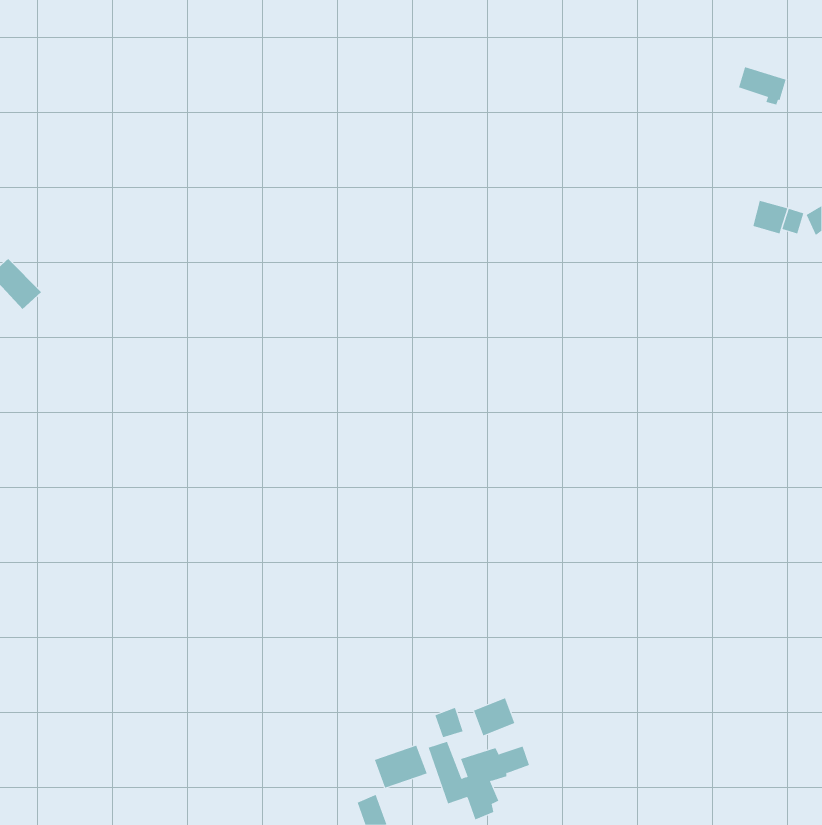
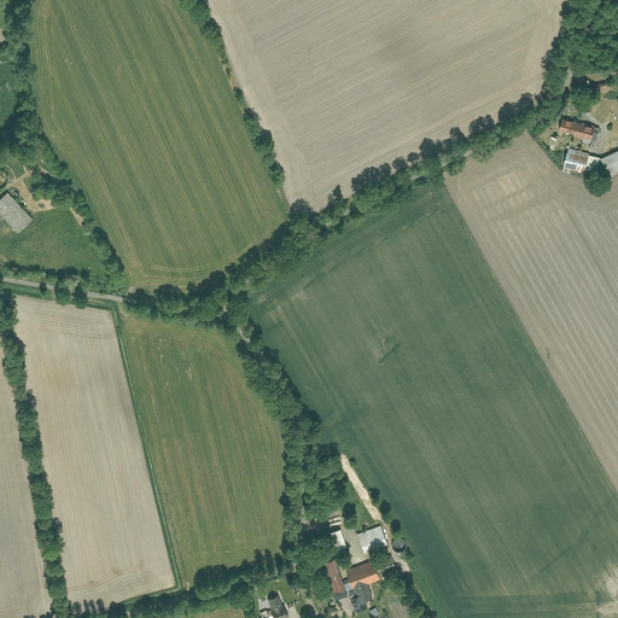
building: [738,67,787,105] -> [560,116,596,145]
building: [374,745,427,788] -> none

